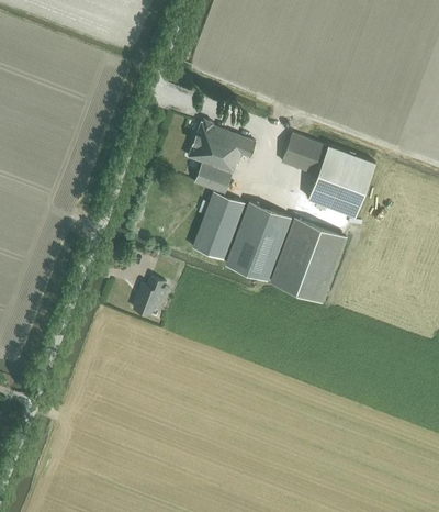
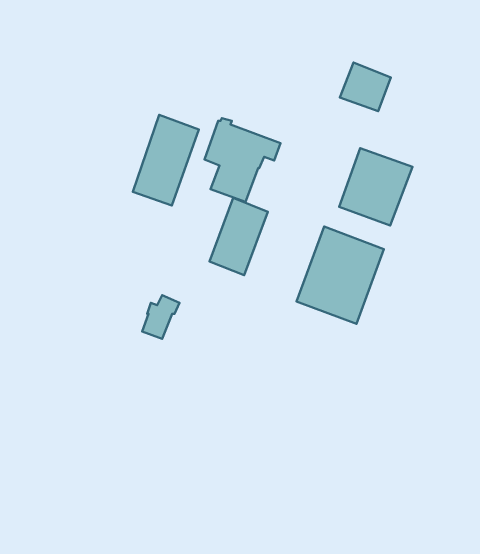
building: none -> [133,115,199,205]
building: [281,132,326,175] -> [340,62,391,111]
building: [225,201,292,281] -> none

